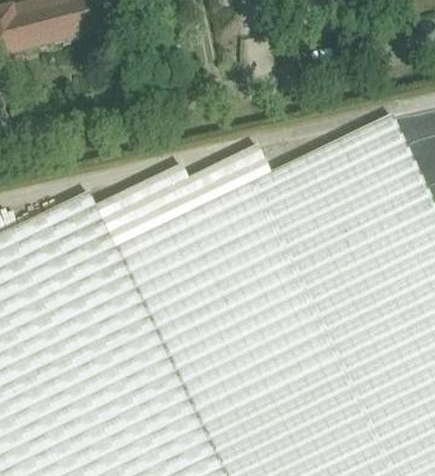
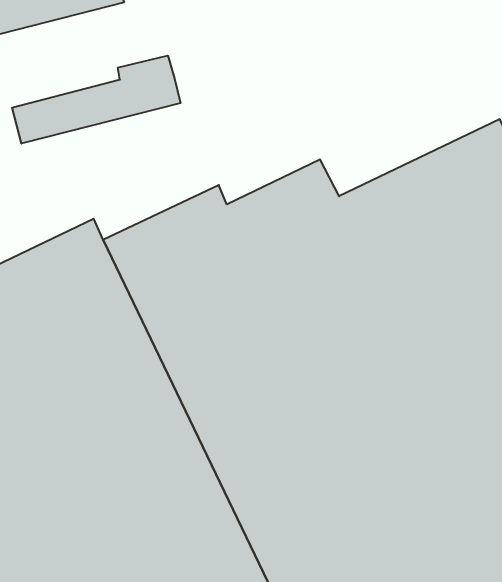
building: none -> [12,56,181,144]

